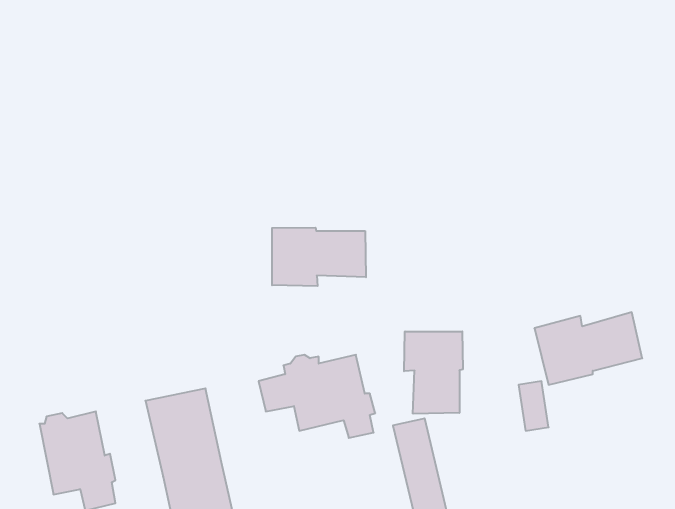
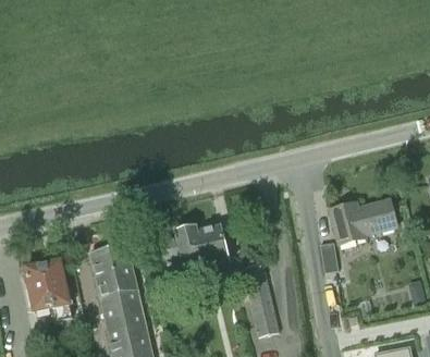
building: [272,228,366,286] -> none
building: [404,331,463,414] -> none

